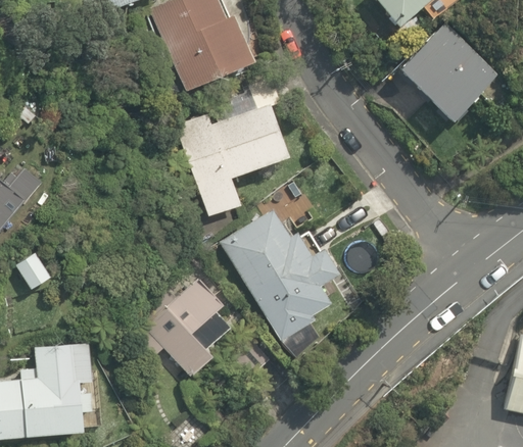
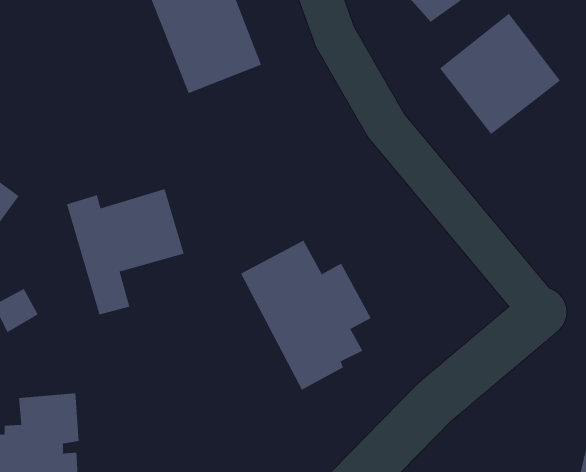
building: [182,107,282,214] -> [66,189,184,315]
building: [143,272,232,373] -> none

